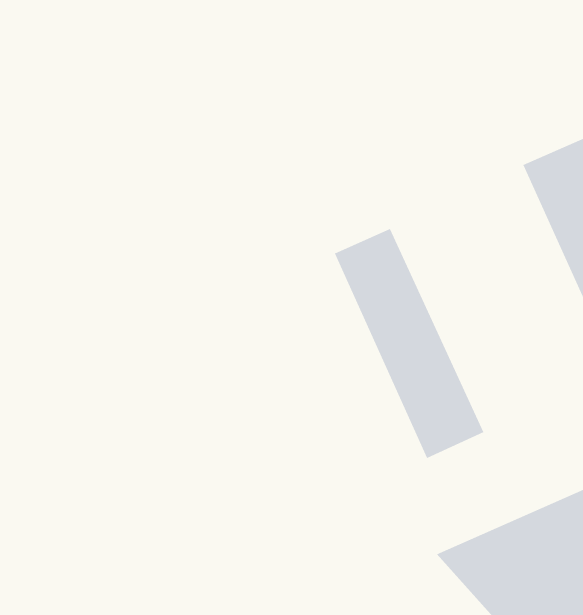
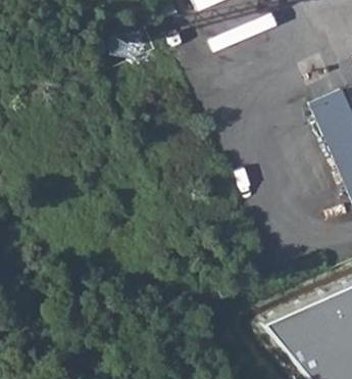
building: [334,228,484,459] -> none

